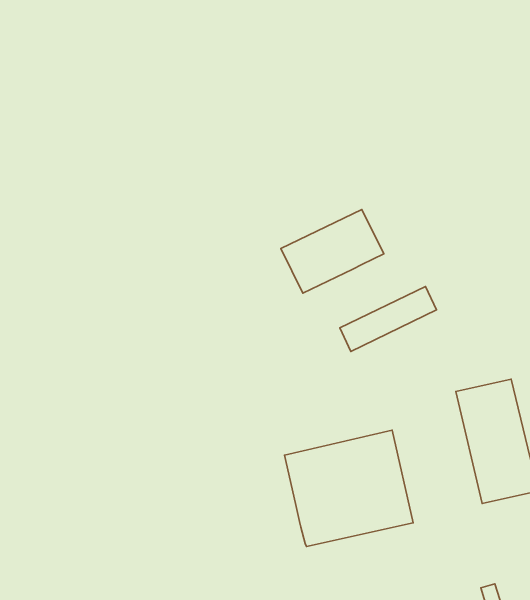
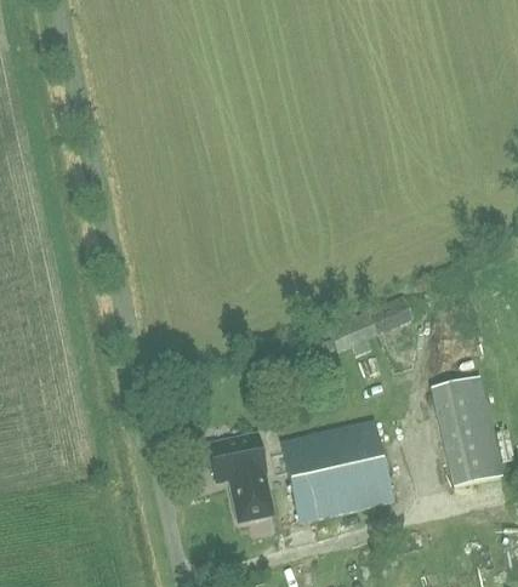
building: [281,209,384,293] -> none
building: none -> [206,435,273,522]

